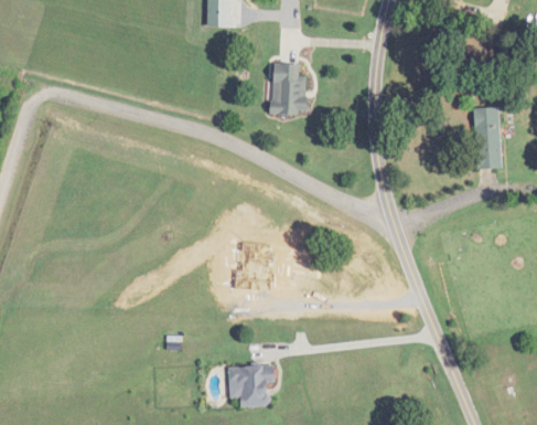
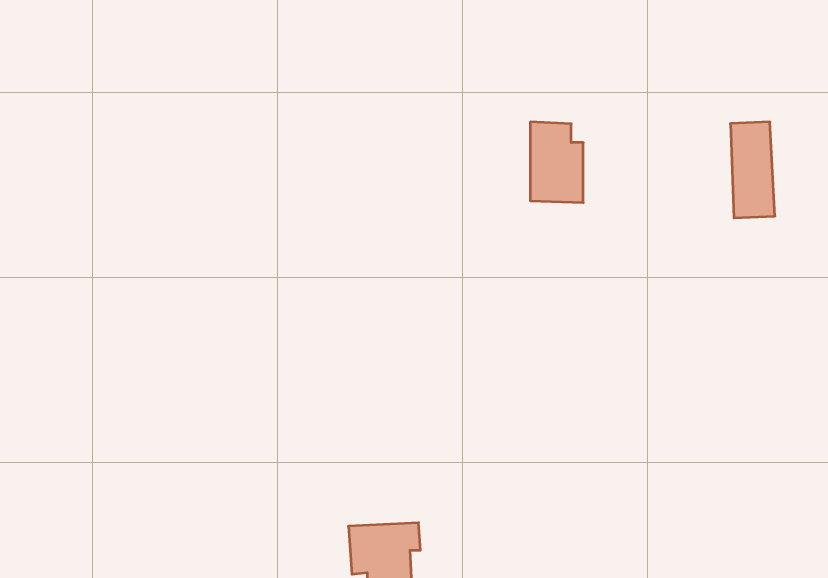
building: [271,63,305,115] -> [530,122,583,203]

